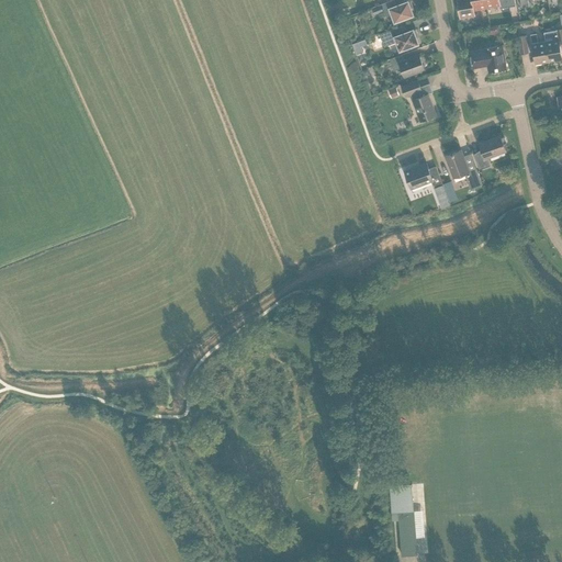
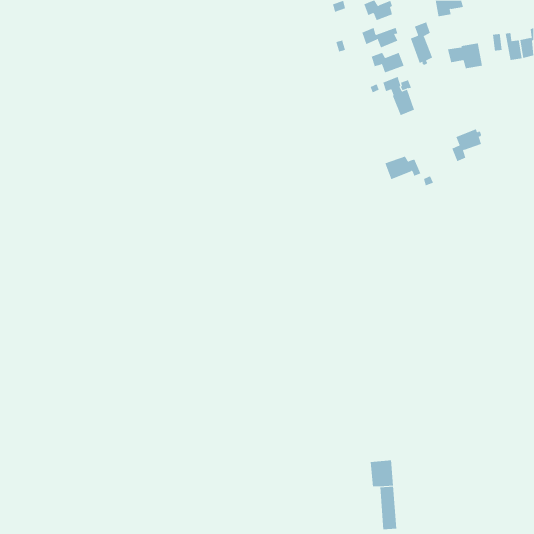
building: none -> [410,21,433,66]
building: [445,150,482,187] -> none

